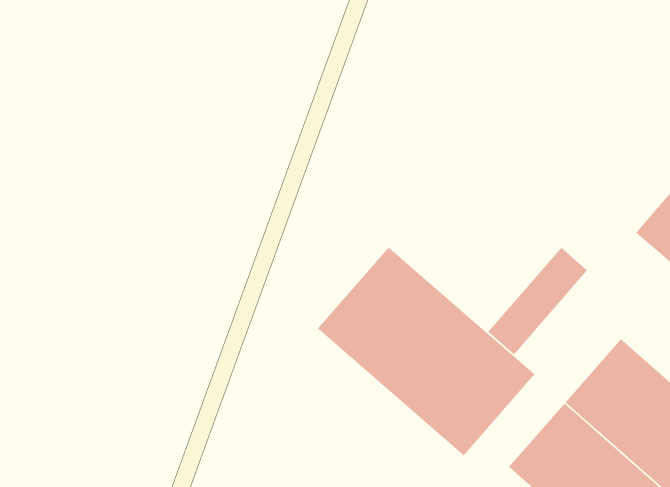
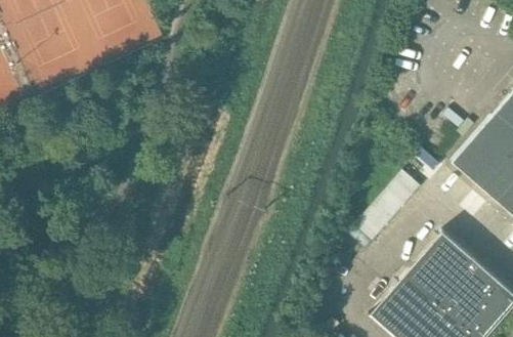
building: [317,246,535,456] -> none

